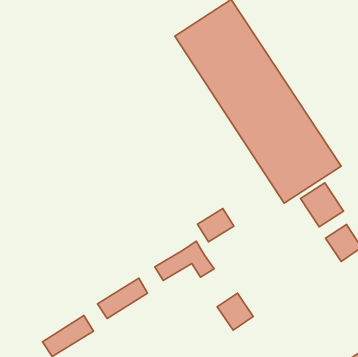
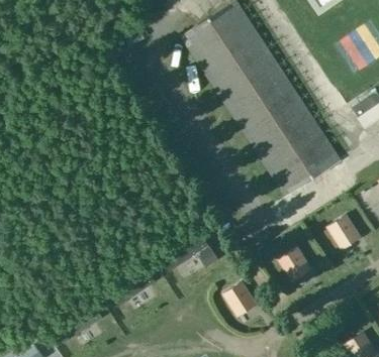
building: [301,183,343,227] -> none
building: [198,209,234,242] -> none
building: none -> [278,247,312,282]

